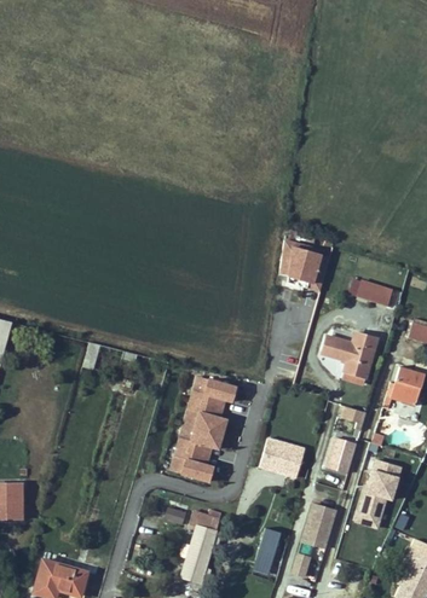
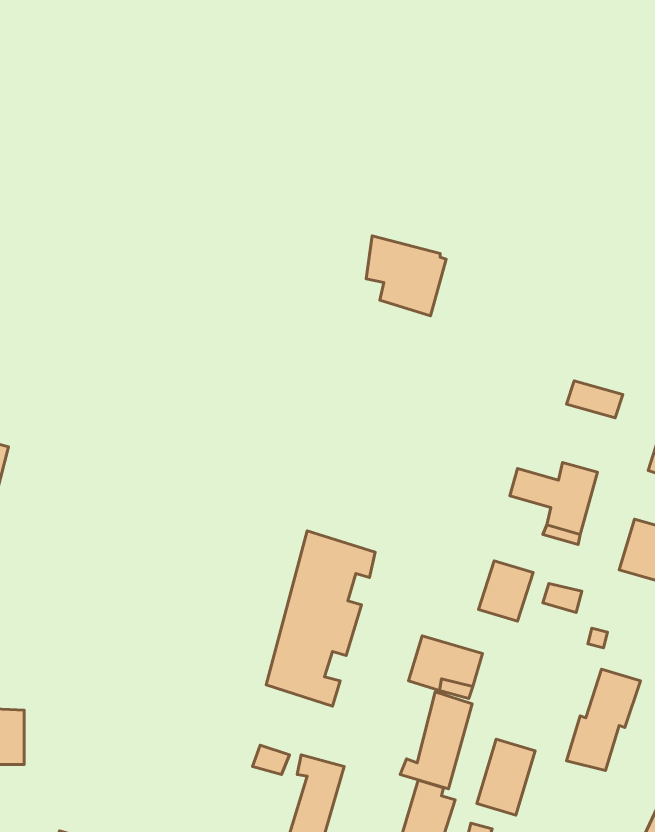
building: [279,243,329,292] -> [366,236,446,316]
building: [324,436,358,474] -> [479,561,533,621]
building: none -> [400,692,472,789]

